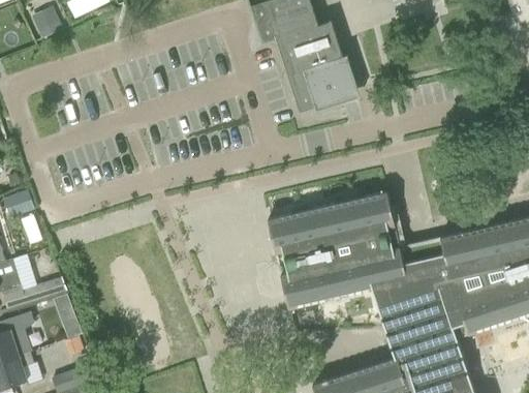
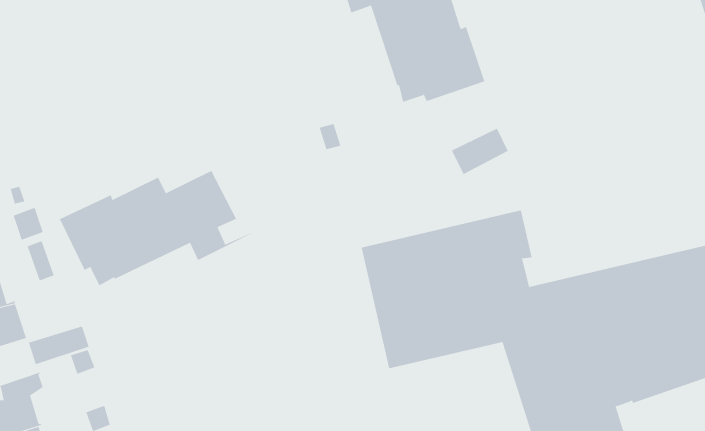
building: none -> [451,128,509,175]
building: none -> [59,170,260,286]

